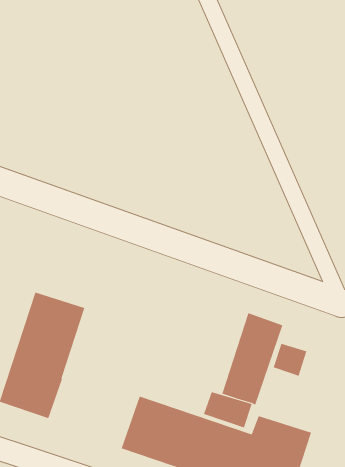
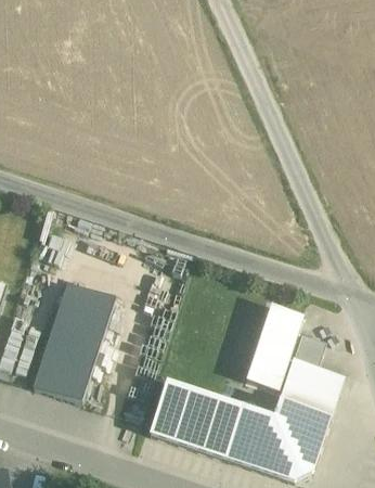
building: none -> [279,357,342,415]

